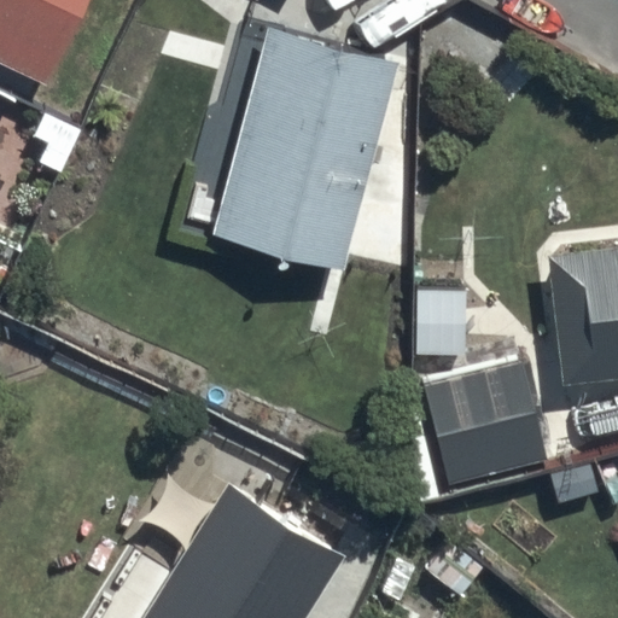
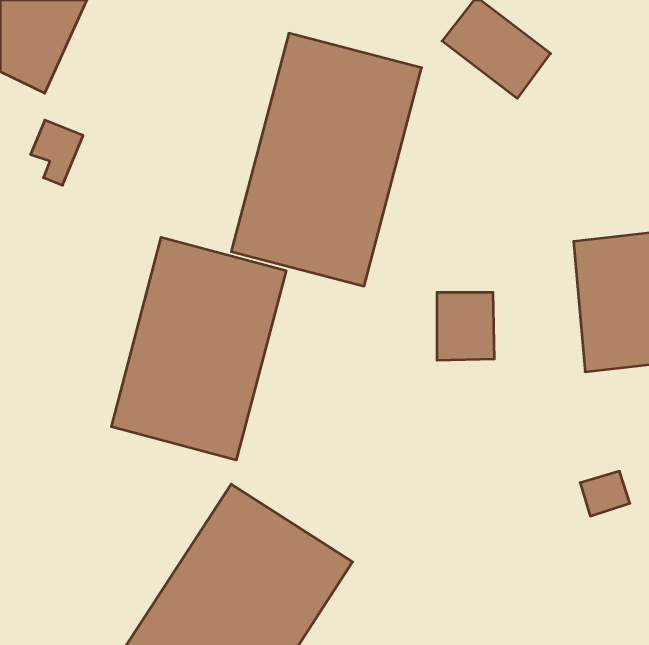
building: none -> [111,237,286,460]
building: [419,355,547,476] -> none

